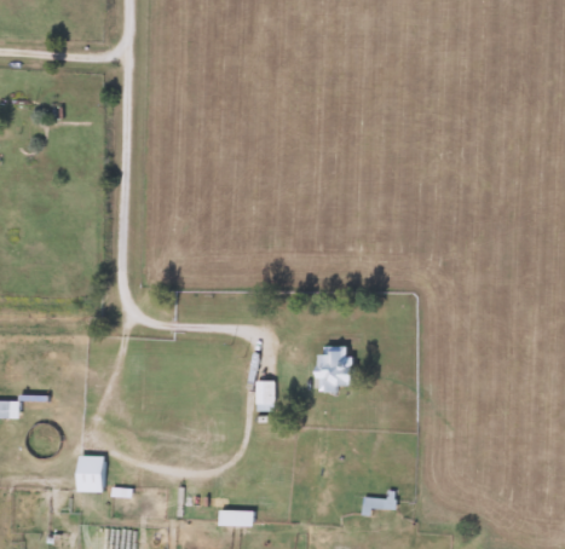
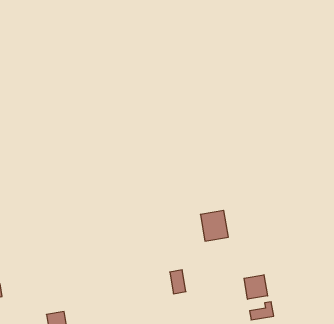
building: [255,380,273,411] -> [170,270,186,294]
building: none -> [244,275,268,299]

